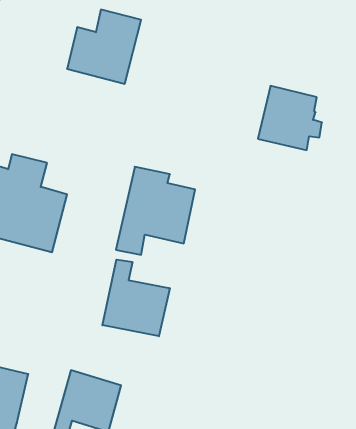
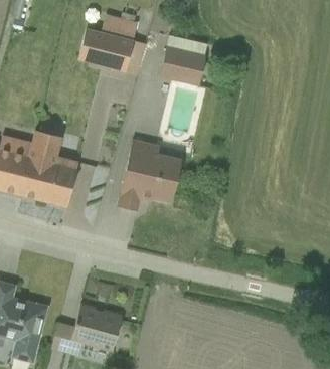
building: [258,86,322,150] -> [160,34,211,85]
building: [102,260,170,336] -> none

